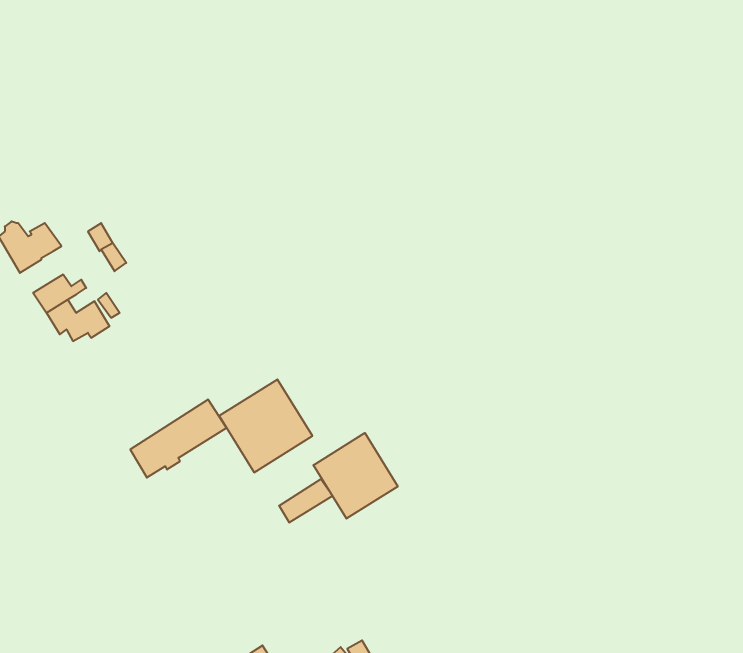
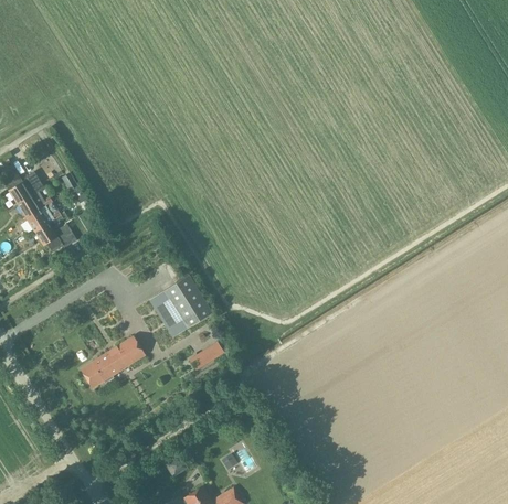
building: none -> [17,191,52,218]
building: [130,400,227,478] -> [81,336,145,388]
building: [313,433,398,519] -> none

